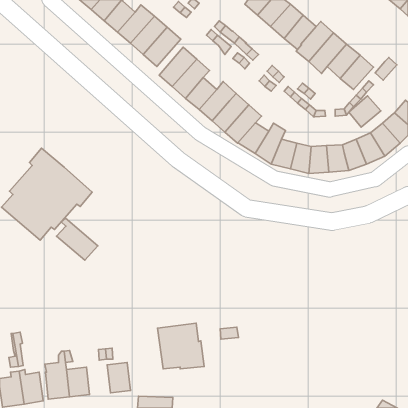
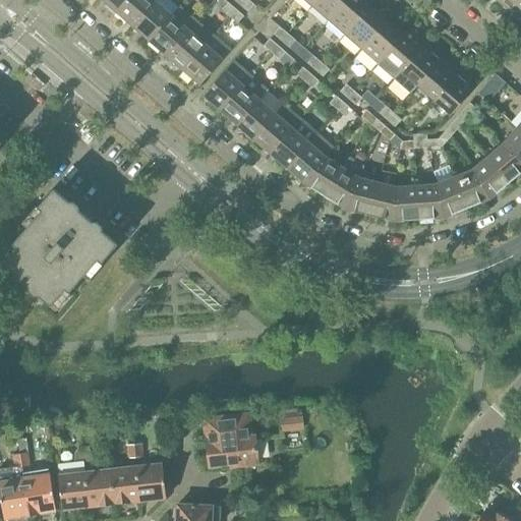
building: [349,96,381,127] -> none
building: [56,218,98,260] -> none
building: none -> [110,464,140,502]

